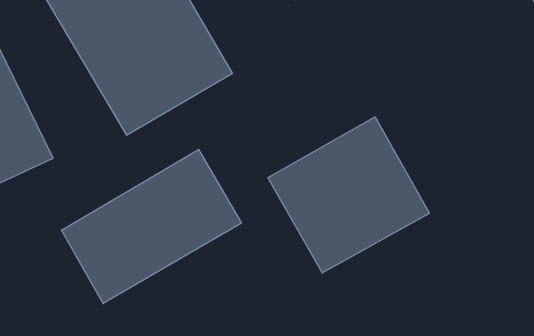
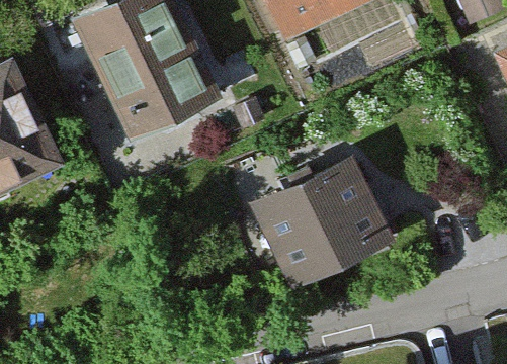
building: [61,149,242,304] -> none

